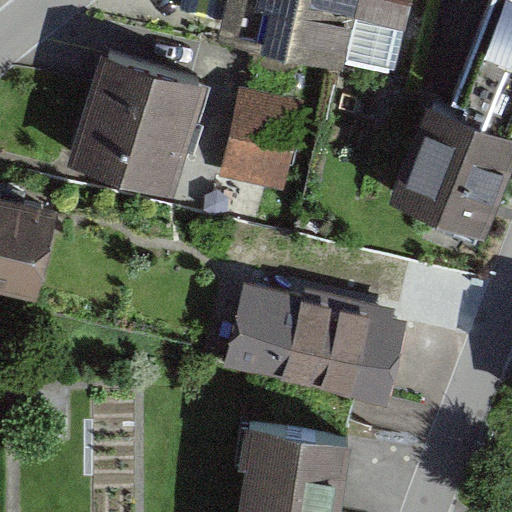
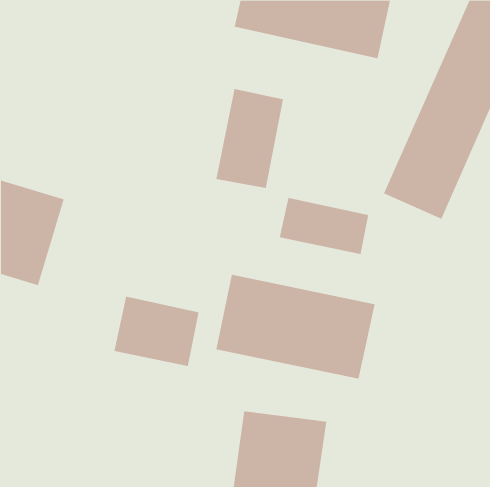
building: [57,46,207,198] -> none
building: none -> [279,197,369,255]
building: none -> [114,296,199,367]

